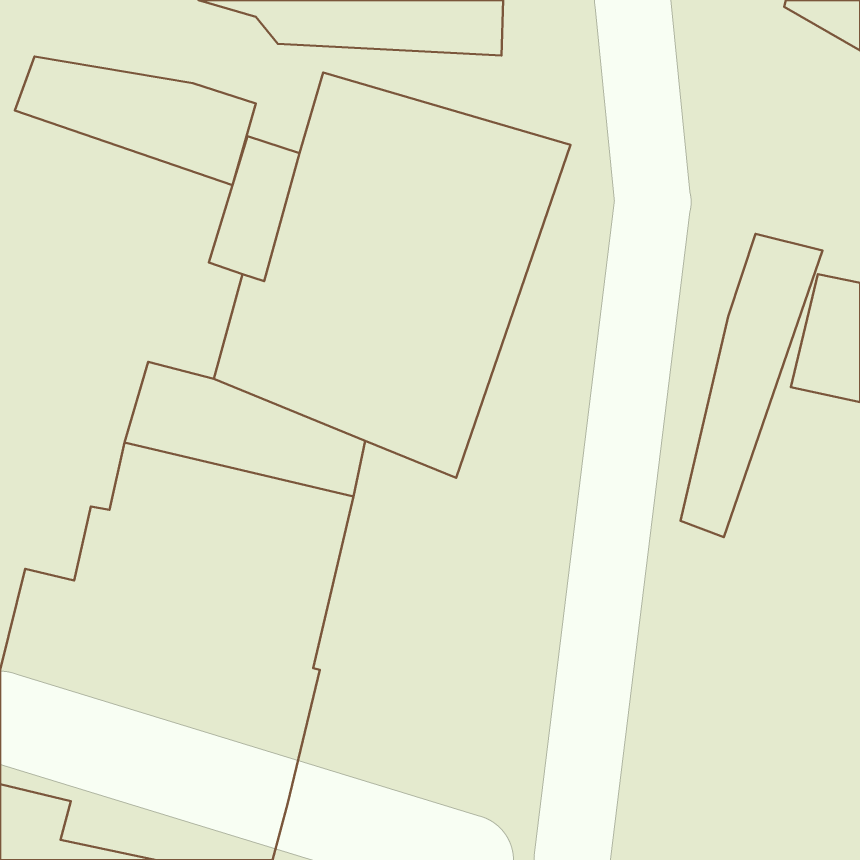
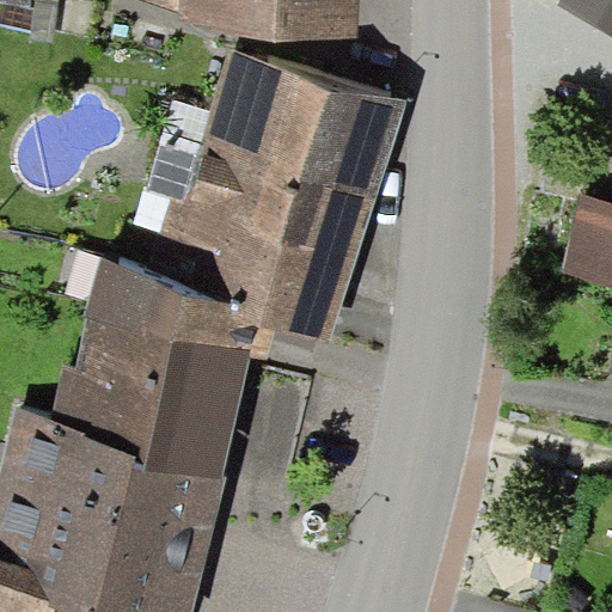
building: [15,57,256,185] -> none
building: [681,234,822,537] -> none

